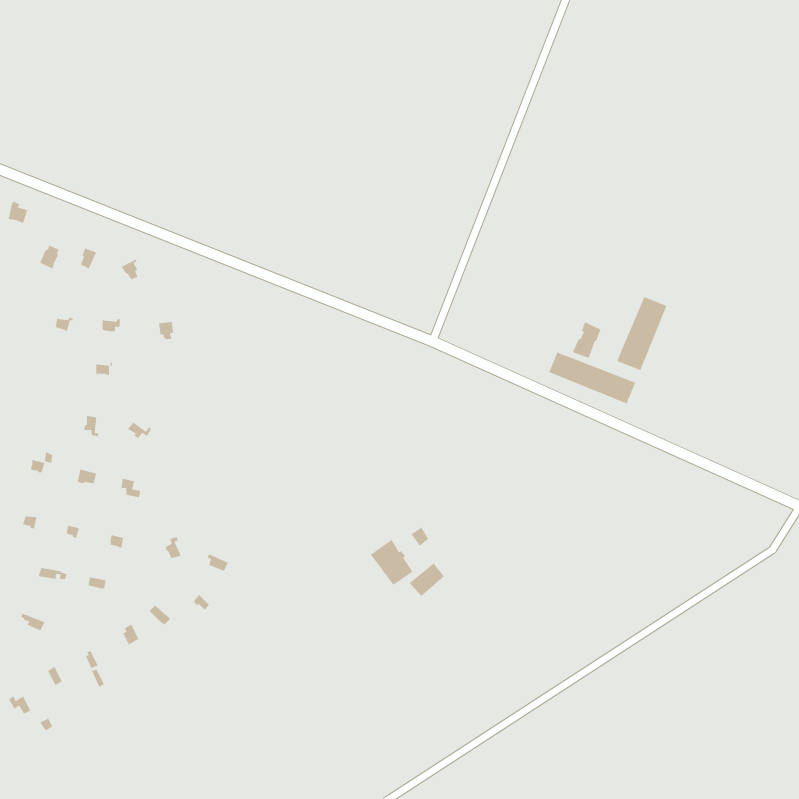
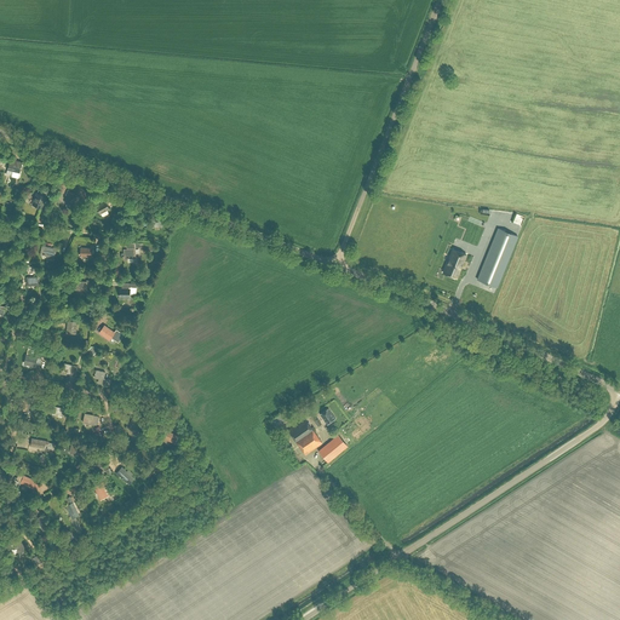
building: [548,351,637,404] -> none

